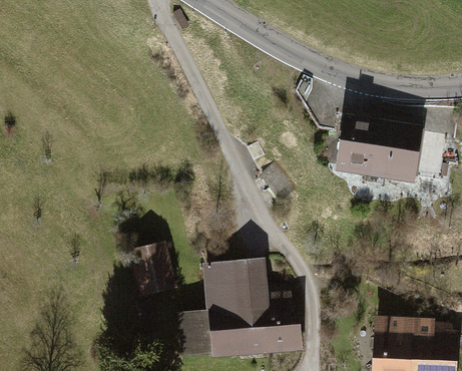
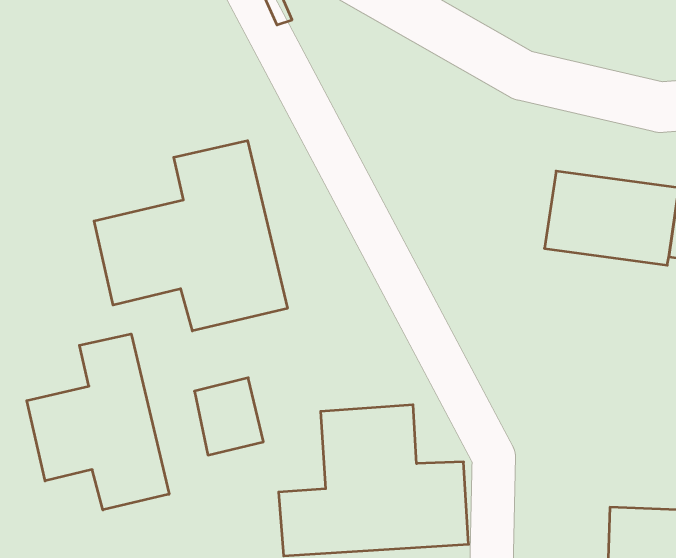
building: none -> [94,141,287,331]
building: none -> [27,334,169,510]

